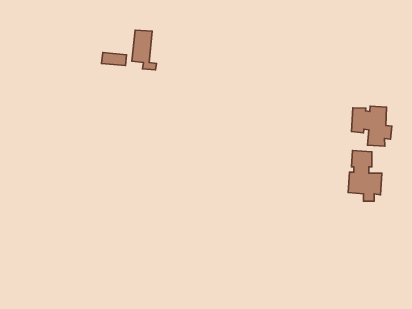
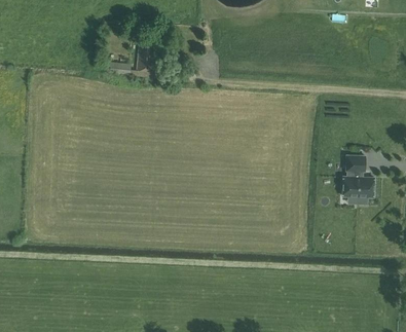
building: [352,106,392,146] -> none

